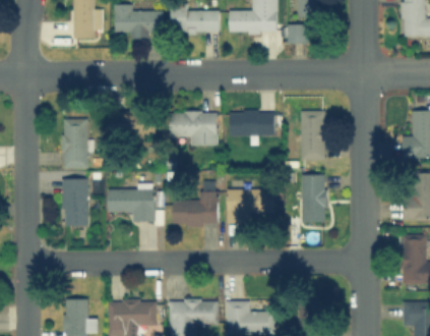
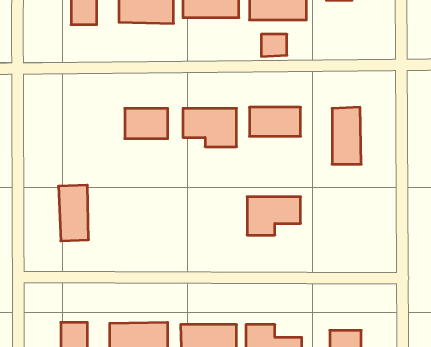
building: [288,25,310,45] -> [261,34,287,56]
building: [62,119,87,168] -> none
building: [302,175,326,224] -> none
building: [108,187,157,222] -> none
building: [173,191,218,224] -> none

